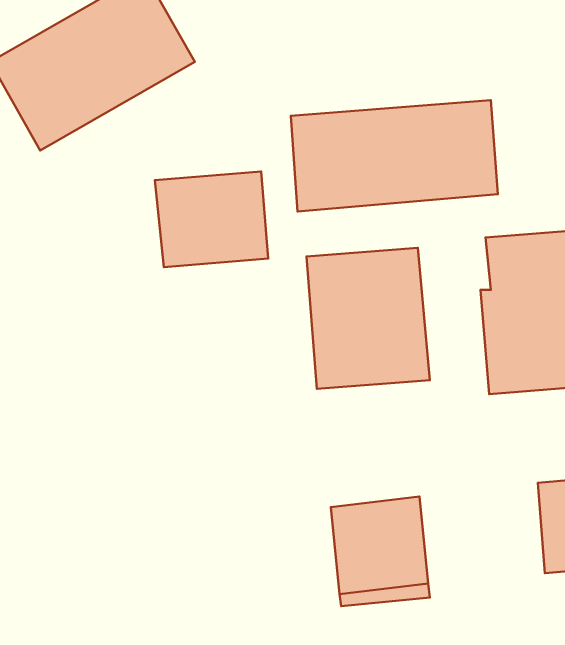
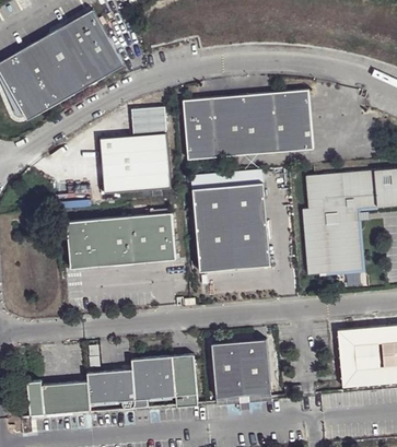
building: none -> [130,109,165,137]
building: none -> [66,214,176,289]
building: none -> [25,354,196,415]

